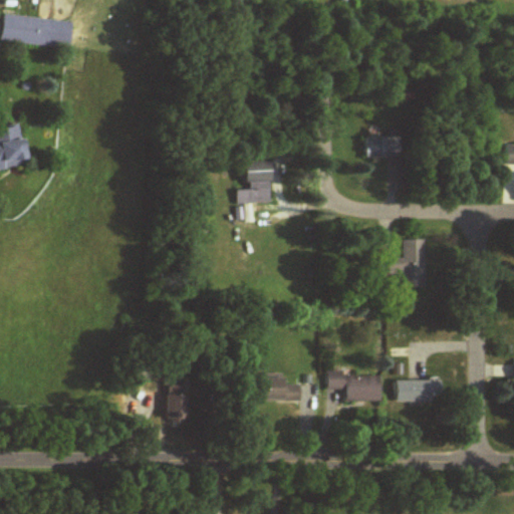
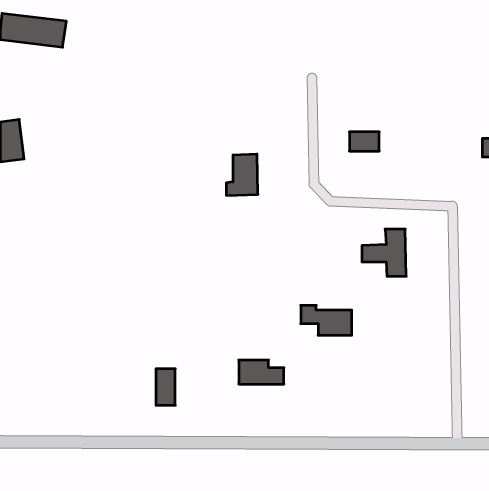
building: [327,369,380,401] -> [301,305,352,335]
building: [396,379,439,401] -> none

